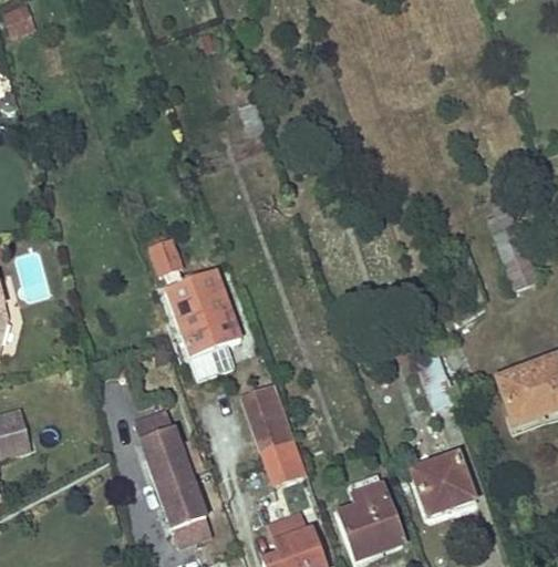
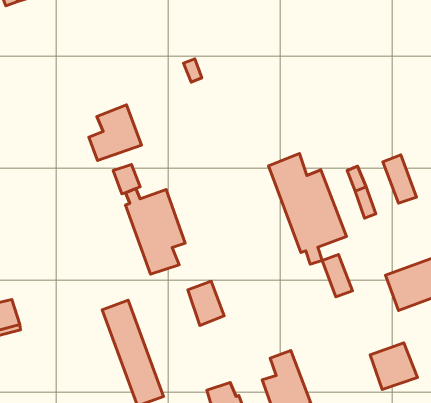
building: none -> [89,105,141,161]
building: none -> [269,153,346,264]
building: [260,432,307,484] -> none
building: [412,455,473,515] -> [370,343,418,390]

